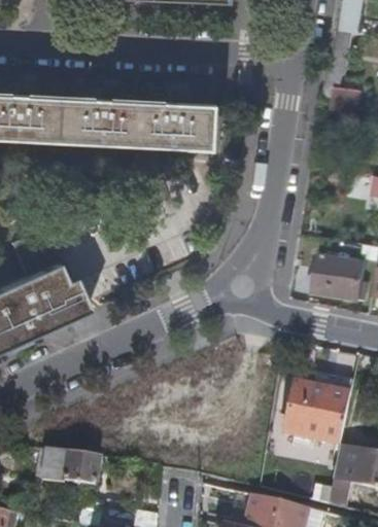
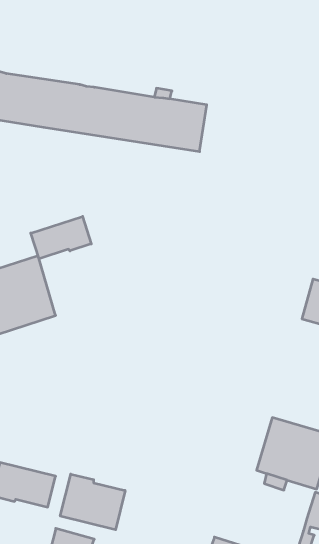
building: none -> [31,216,91,259]
building: none -> [60,474,125,530]

